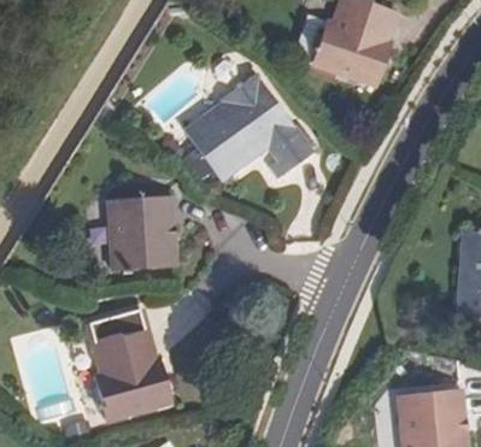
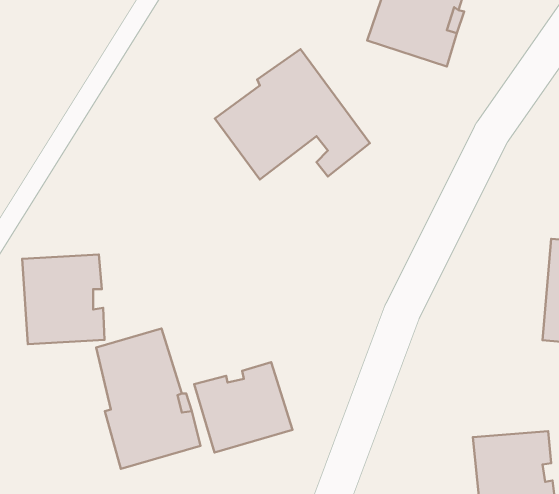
building: [107,194,176,269] -> [22,254,105,344]
building: none -> [194,362,292,452]

